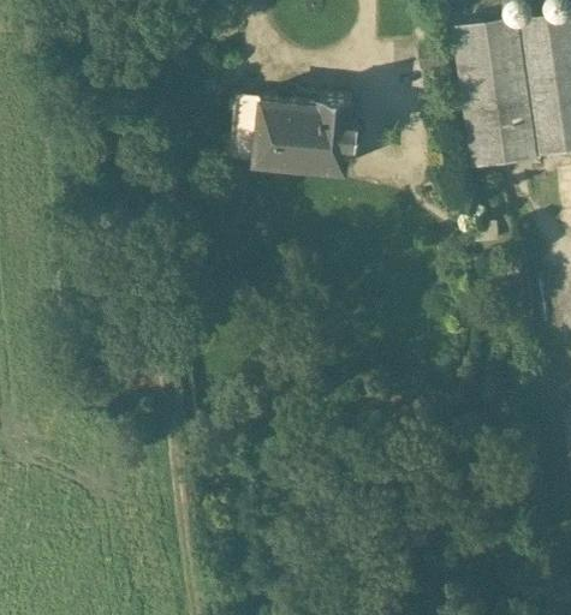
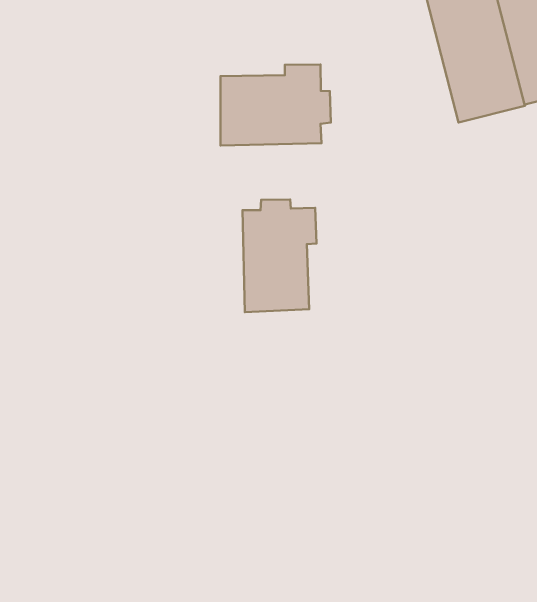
building: [239,97,269,163] -> none
building: none -> [242,199,317,312]

